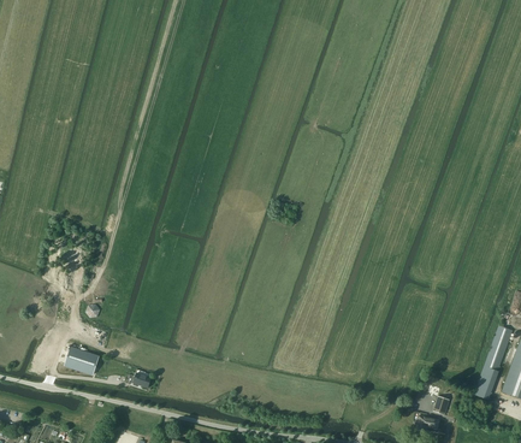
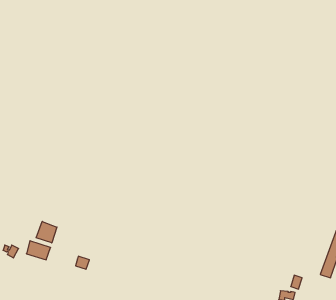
building: none -> [36,221,57,243]

